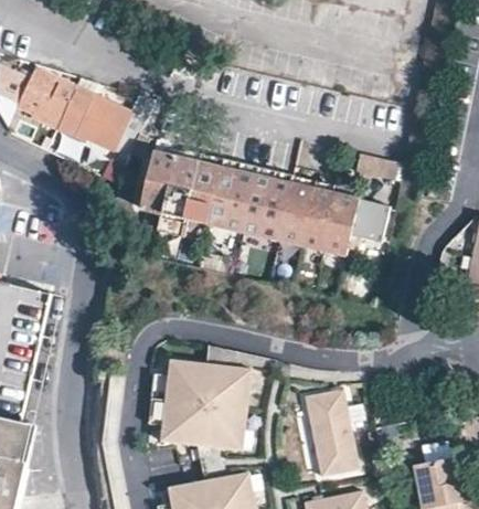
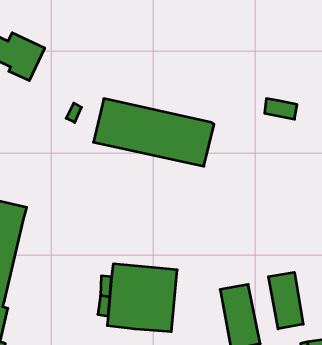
building: [56,86,152,155] -> none
building: [281,184,393,253] -> none
building: none -> [268,272,303,329]

